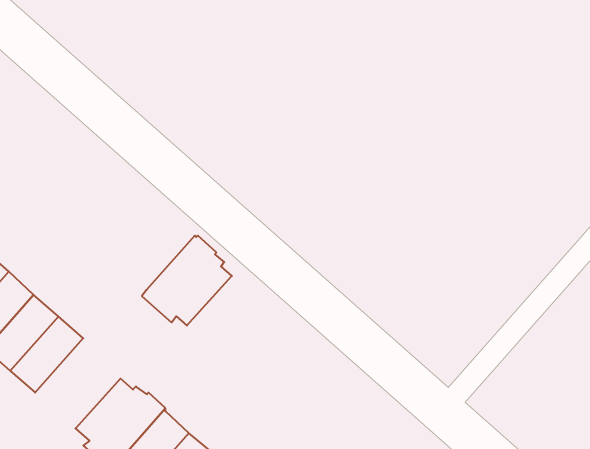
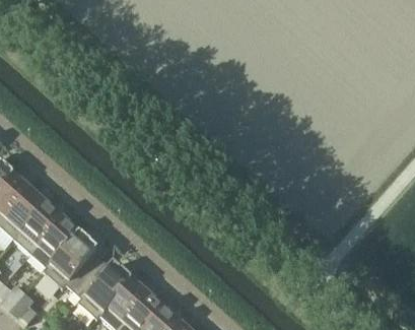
building: [142,236,232,326] -> [43,230,101,289]

